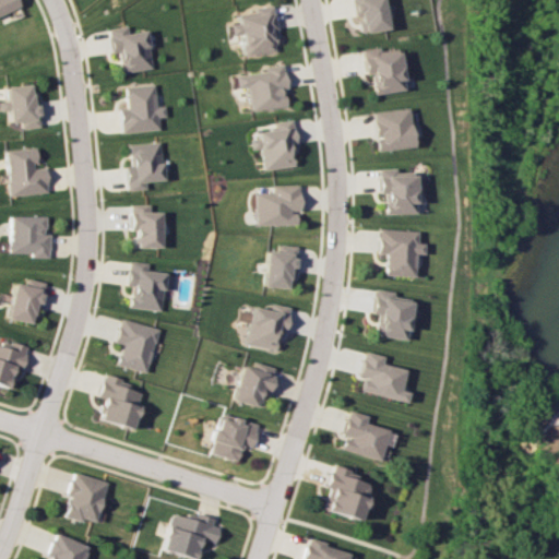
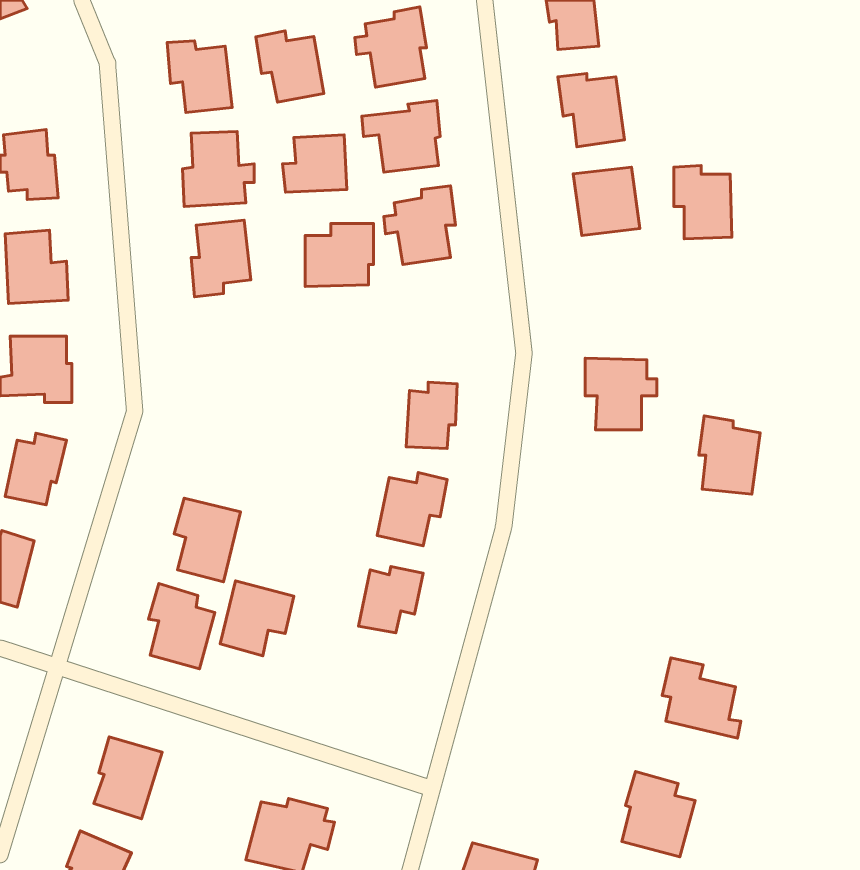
building: none -> [256,31,324,102]
building: none -> [283,135,347,192]
building: [382,168,419,215] -> [674,166,732,239]
building: [259,186,302,226] -> [305,223,373,287]
building: [134,205,165,248] -> none
building: [131,262,178,311] -> none
building: [376,289,415,340] -> [699,416,760,494]
building: [361,352,412,403] -> [662,658,741,738]
building: [343,411,390,461] -> none
building: [214,414,261,462] -> [220,581,294,656]
building: [324,466,371,521] -> [622,771,695,857]

